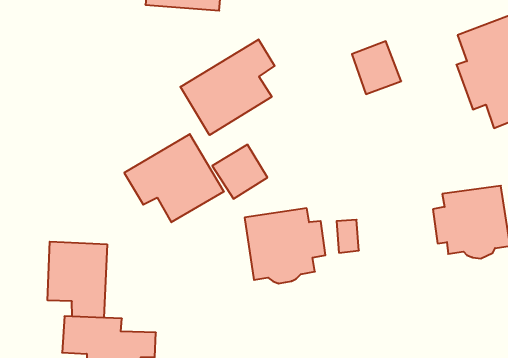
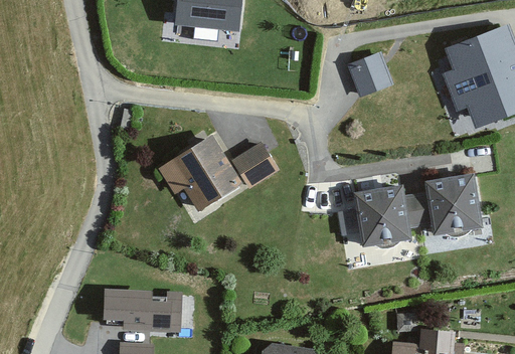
building: [180,39,275,135] -> none
building: [245,208,325,283] -> [356,186,425,250]
building: [48,242,107,318] -> none

